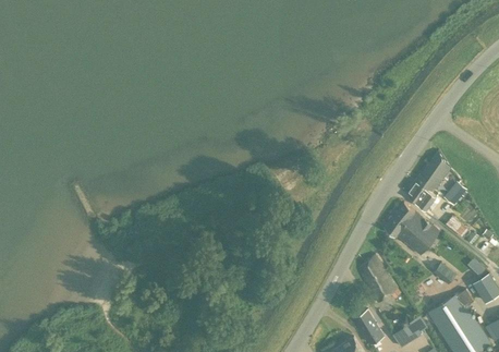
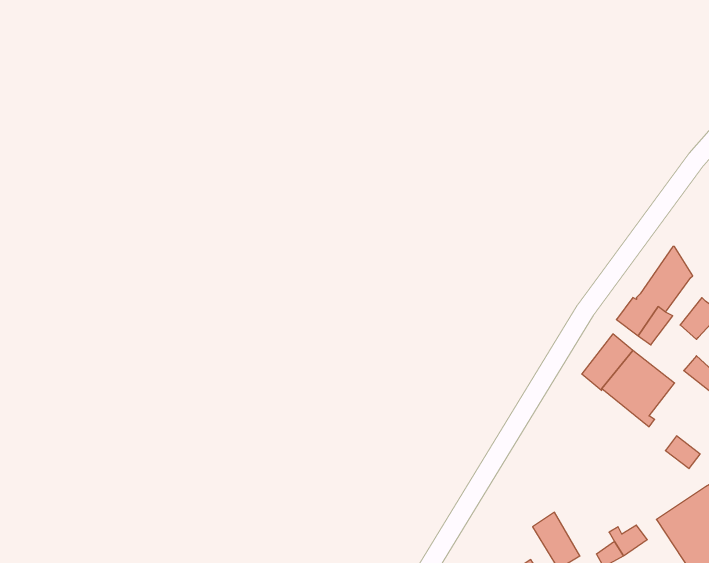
building: [358,256,398,302] -> none

